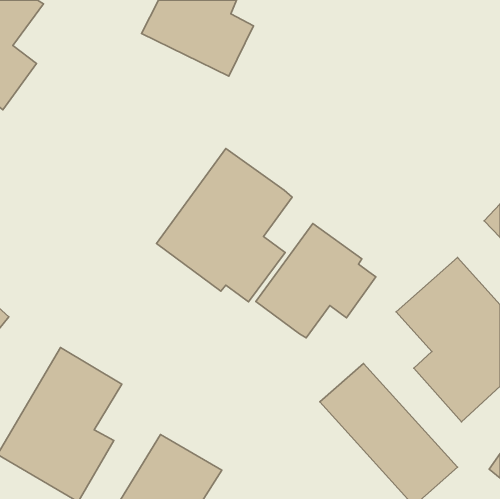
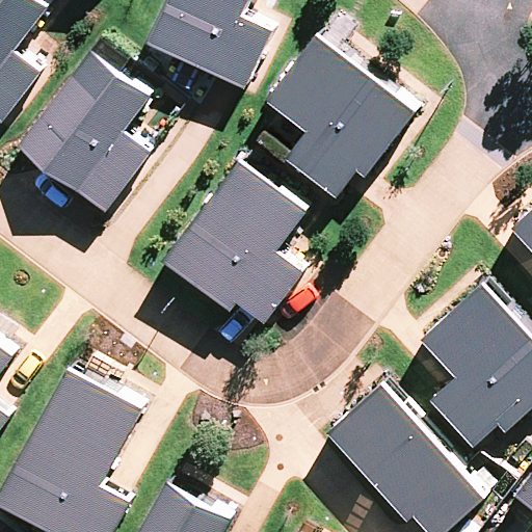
building: none -> [263,36,419,200]
building: none -> [24,56,154,210]
building: [256,223,376,338] -> none

